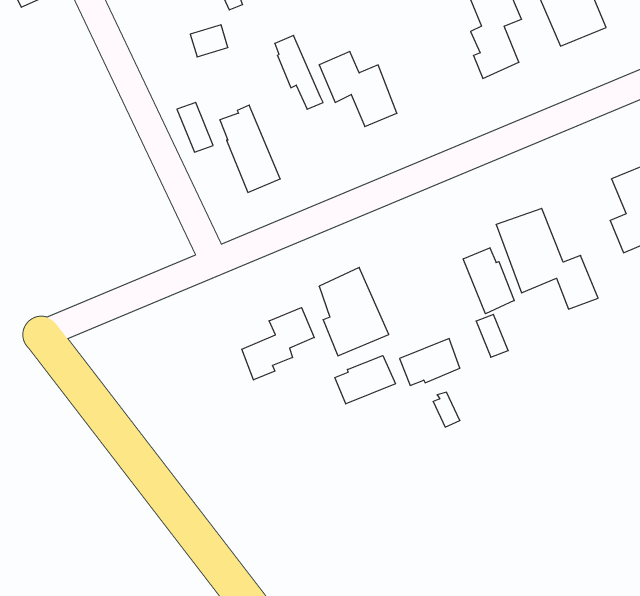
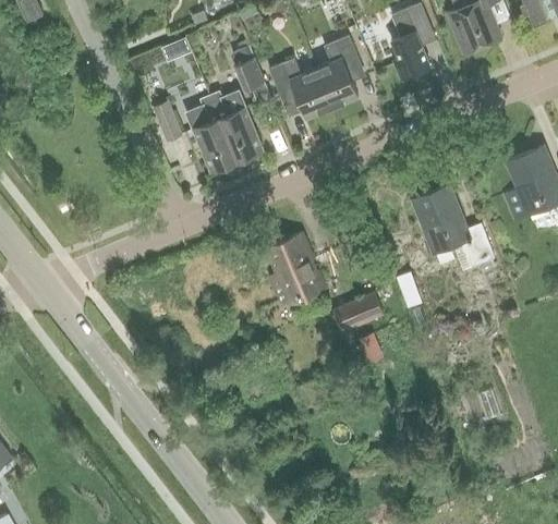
building: none -> [316,35,361,108]
building: none -> [211,94,263,161]
building: [463,248,514,314] -> none
building: [242,308,314,380] -> none
building: [335,356,395,404] -> none

